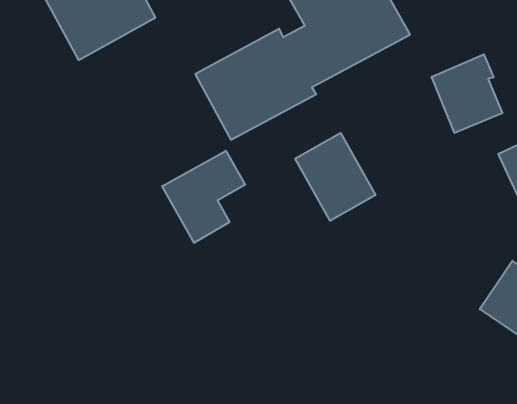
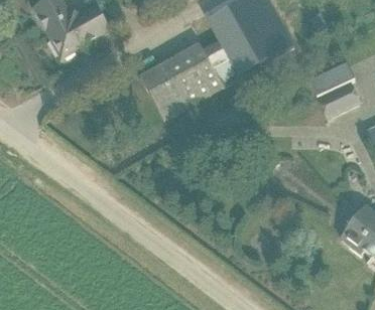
building: [295,133,375,221] -> none
building: [162,151,245,243] -> none

